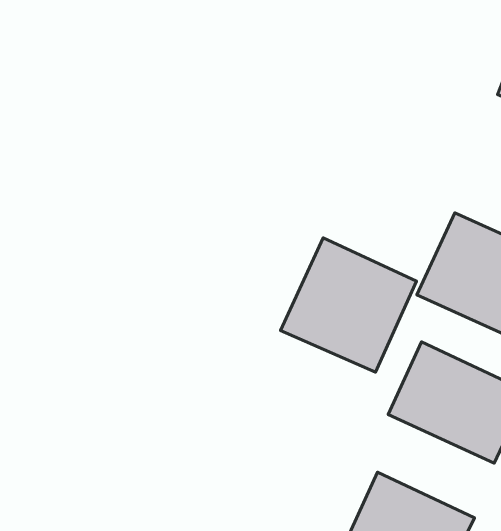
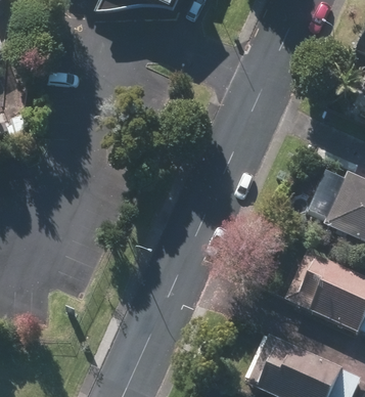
building: [281,238,417,372] -> none

